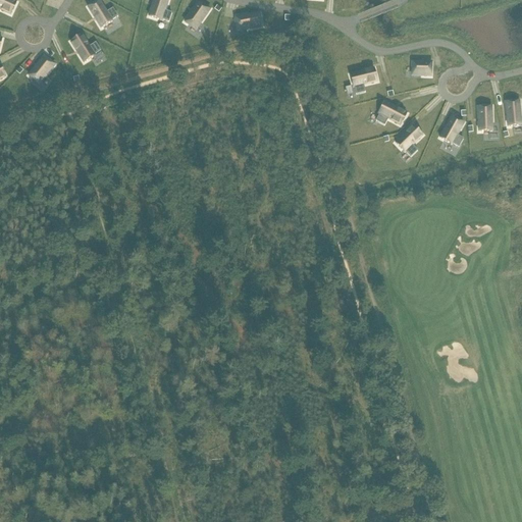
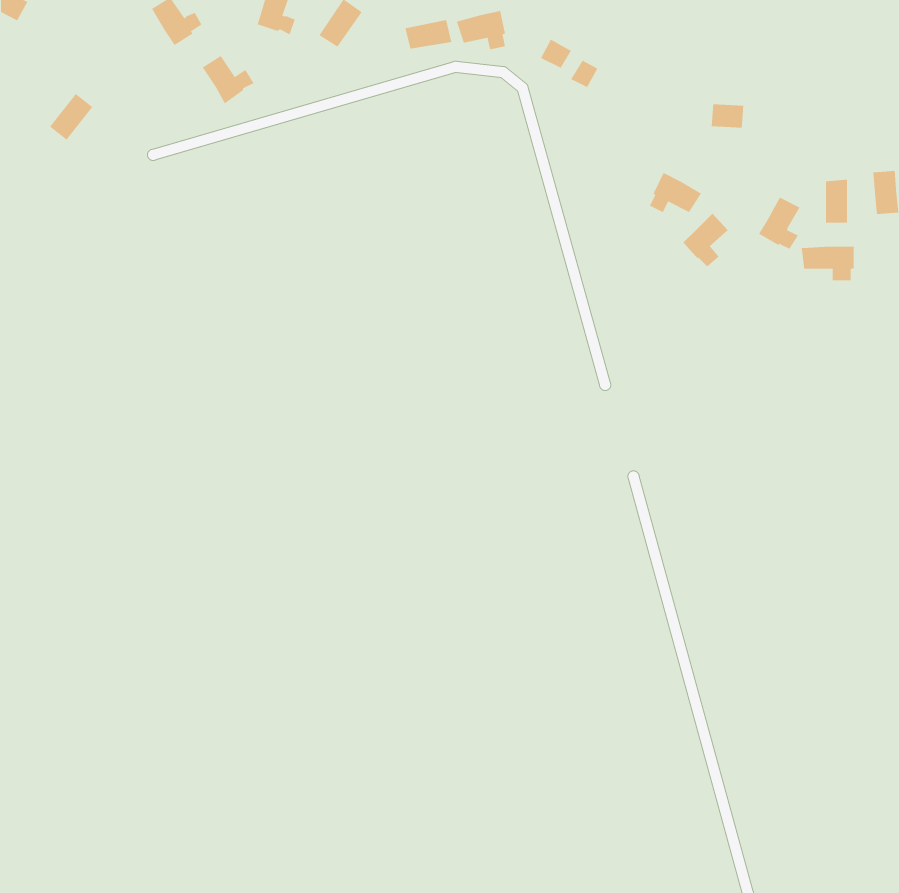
building: none -> [456,10,506,50]
building: [70,33,101,61] -> [202,55,255,104]
building: [350,66,377,93] -> none
building: none -> [801,246,854,281]

